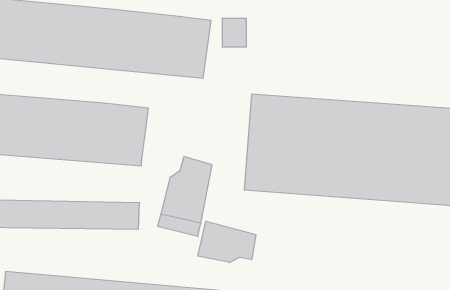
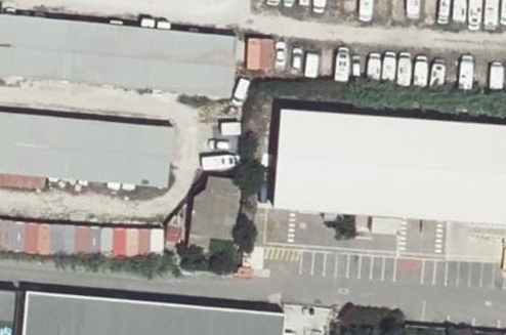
building: [198,221,256,263] -> none

